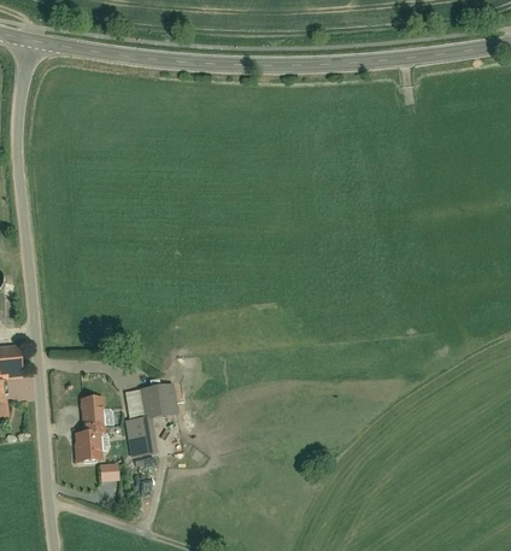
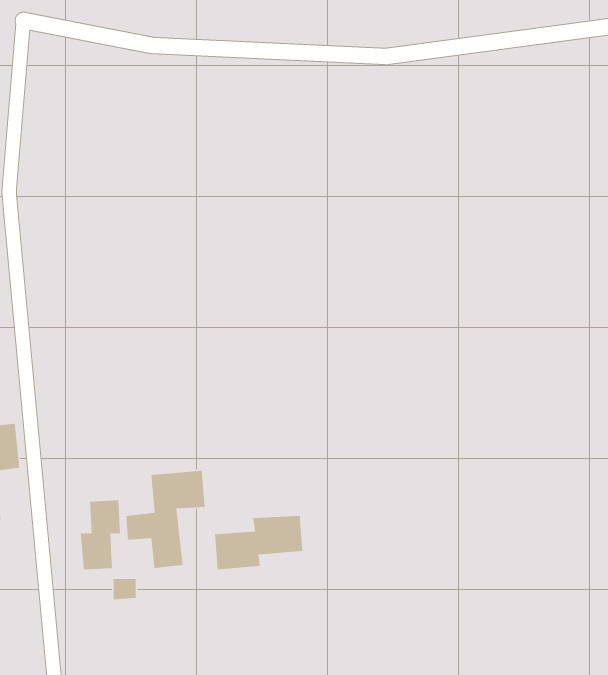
building: none -> [214,515,303,570]

